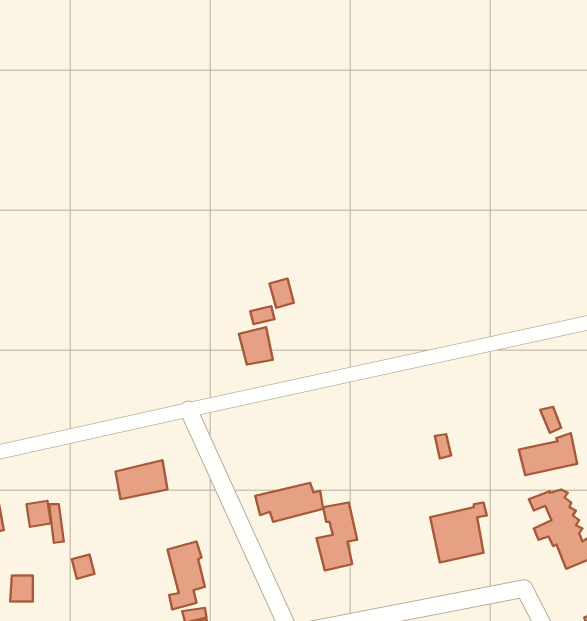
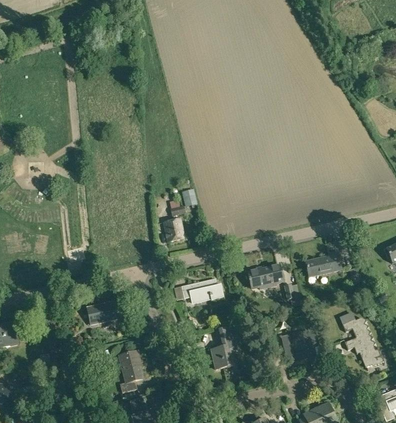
building: none -> [247,265,284,289]
building: [519,433,577,475] -> [305,251,341,277]
building: [255,483,323,522] -> [181,278,223,302]

